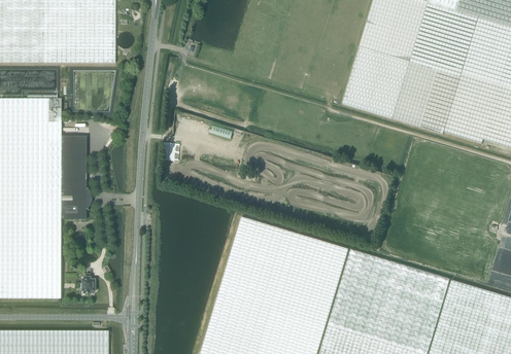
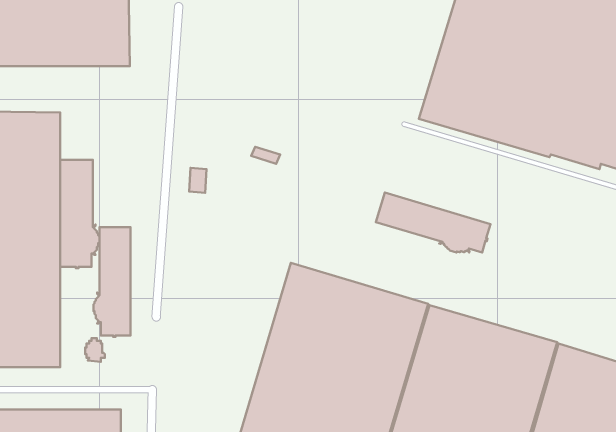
building: none -> [376,193,490,253]
building: none -> [93,227,130,337]

